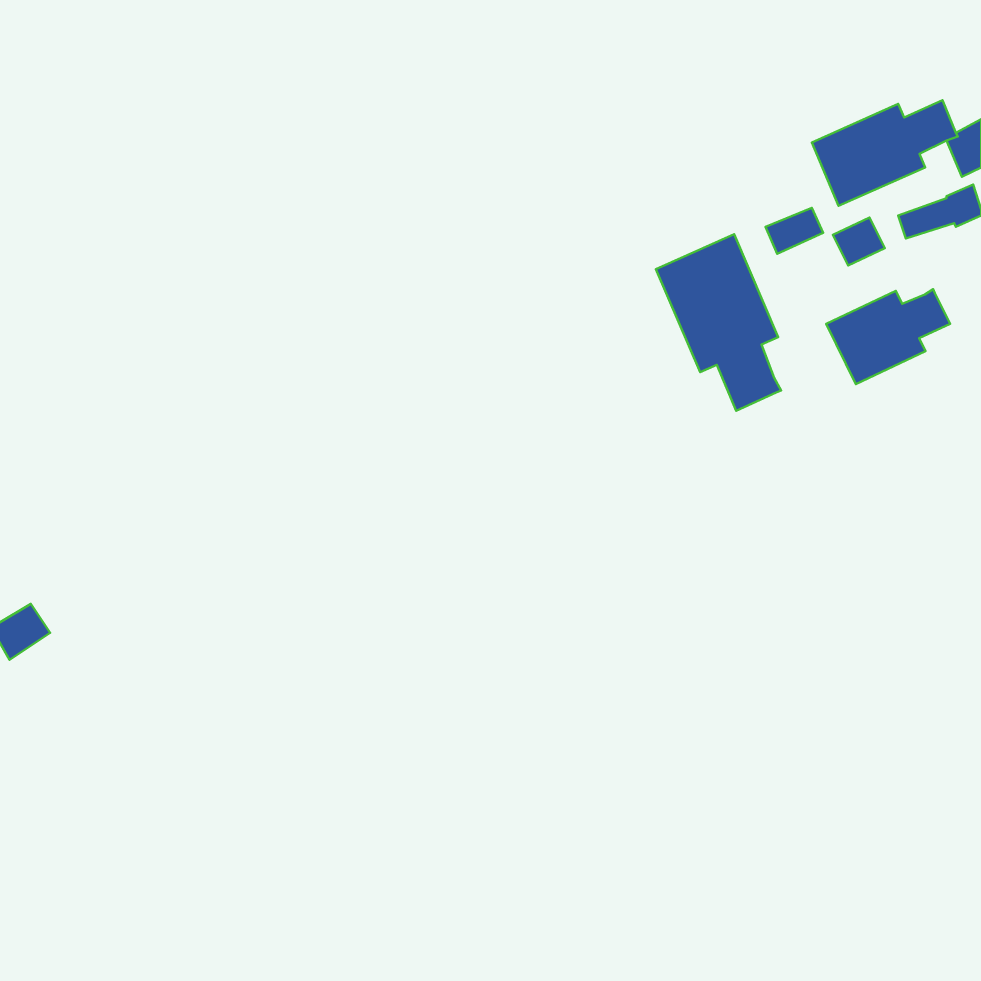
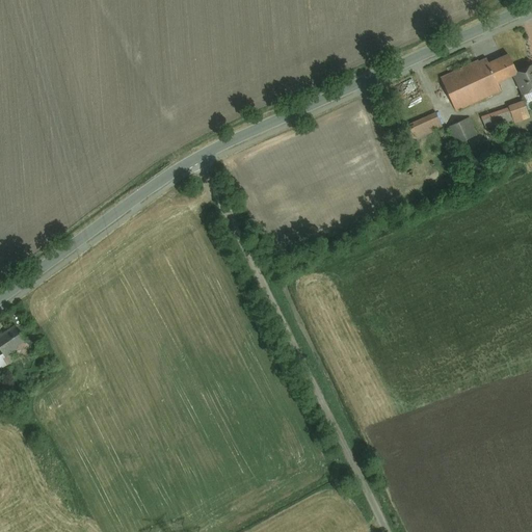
building: [656,234,781,411] -> none
building: [826,289,950,384] -> none

